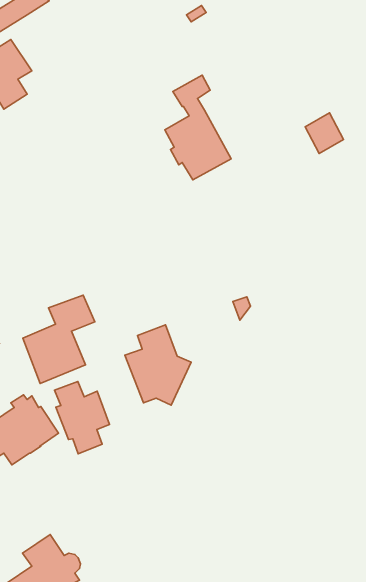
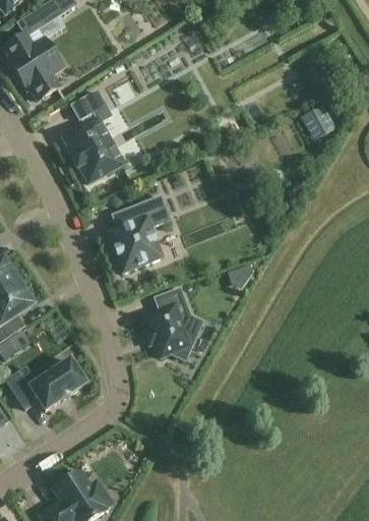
building: [165,75,231,180] -> [65,90,123,181]
building: [23,295,95,384] -> [108,194,171,272]
building: [55,381,109,454] -> none

